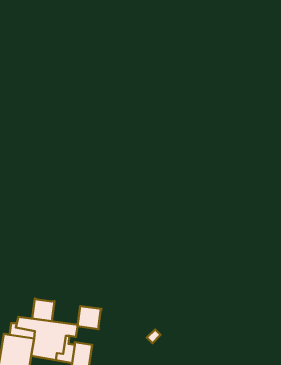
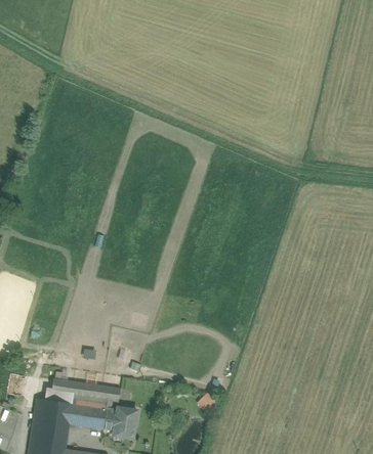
building: [32,299,55,321] -> none
building: [78,306,101,329] -> none

